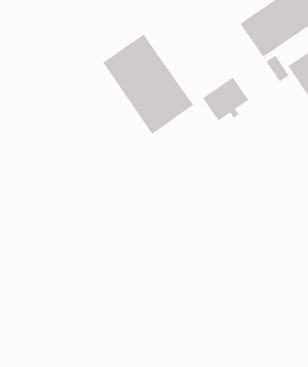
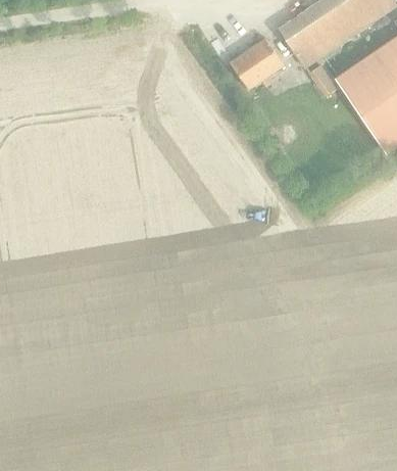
building: [102,34,194,135] -> none
building: [202,77,249,121] -> [230,37,284,88]

